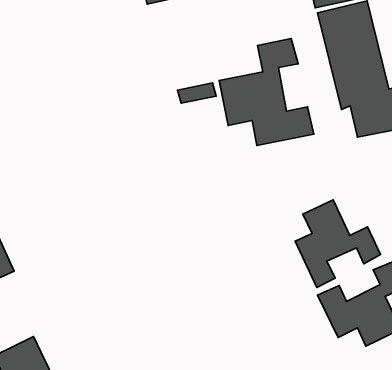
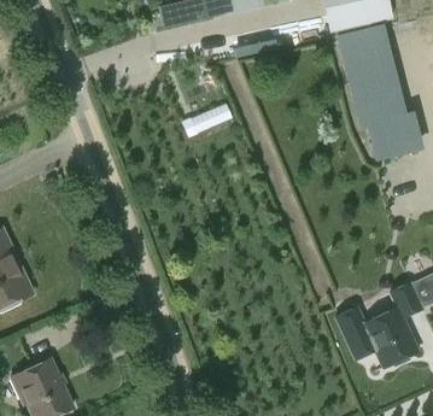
building: [219,38,314,145] -> none
building: [295,200,381,288] -> none

